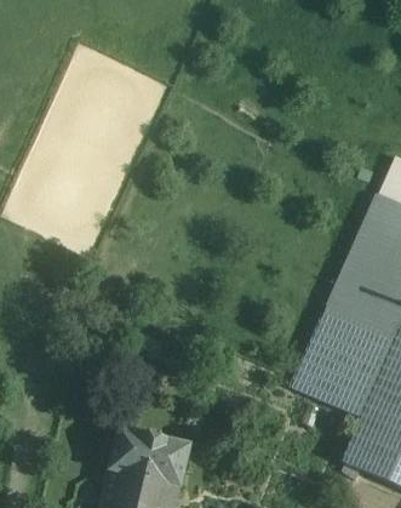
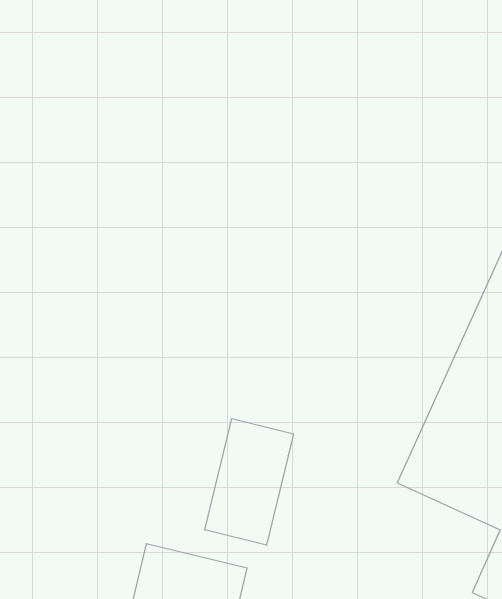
building: none -> [205,419,294,545]

